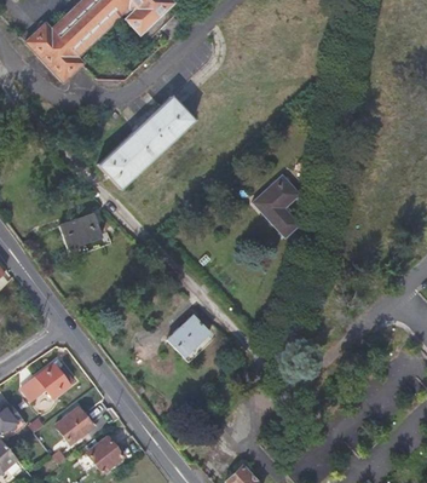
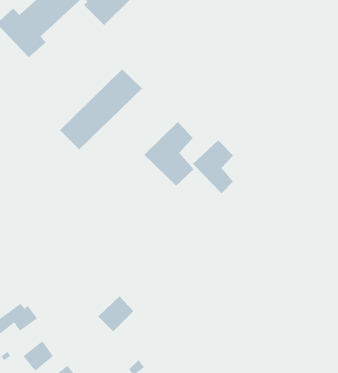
building: none -> [144,121,195,187]
building: [59,212,111,257] -> none
building: [168,314,210,356] -> [98,296,134,332]

